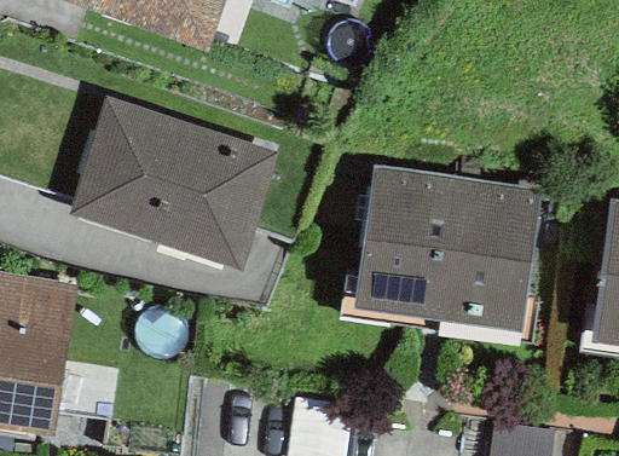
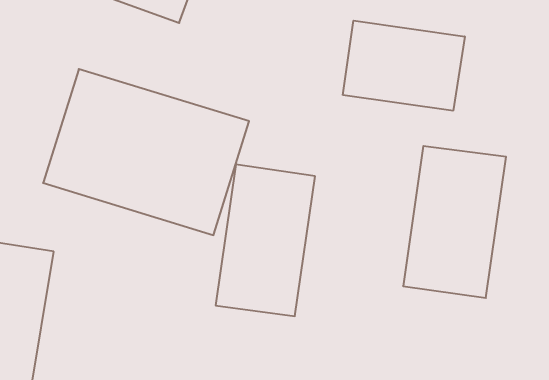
building: none -> [343,21,465,111]
building: [353,163,455,318] -> [216,164,315,316]

